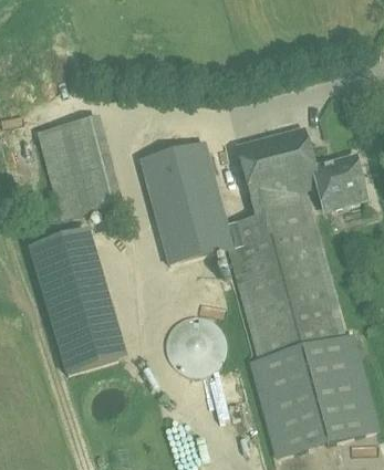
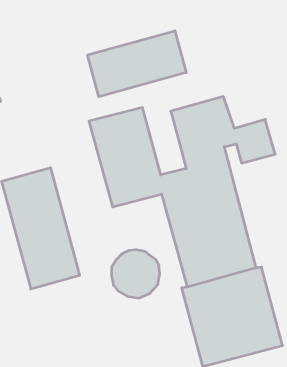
building: none -> [88,31,186,97]
building: [38,116,122,219] -> none

